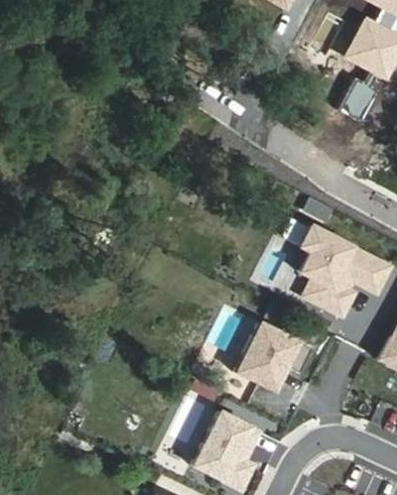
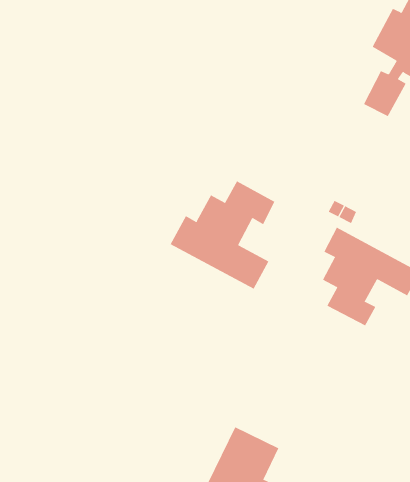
building: none -> [170,180,275,290]
building: [236,322,313,390] -> none

